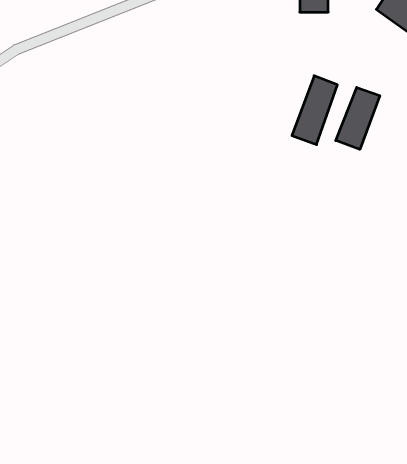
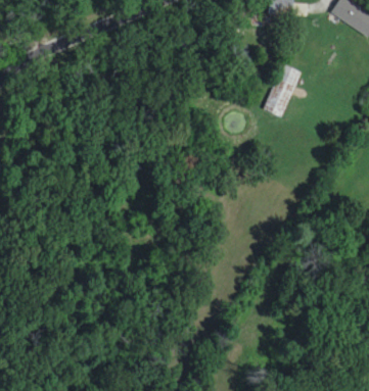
building: [336,87,380,149] -> none

